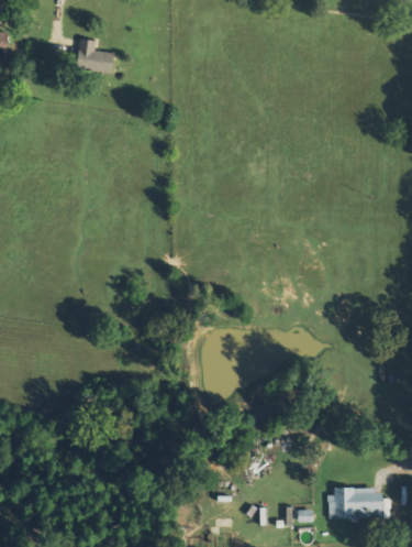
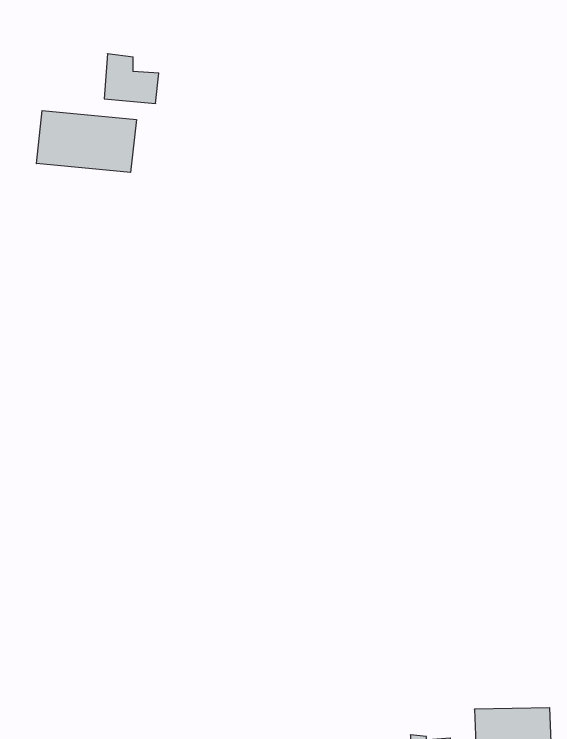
building: none -> [36,111,136,172]

